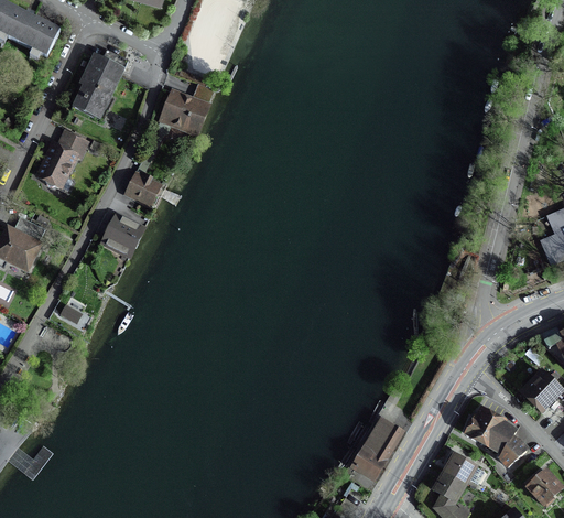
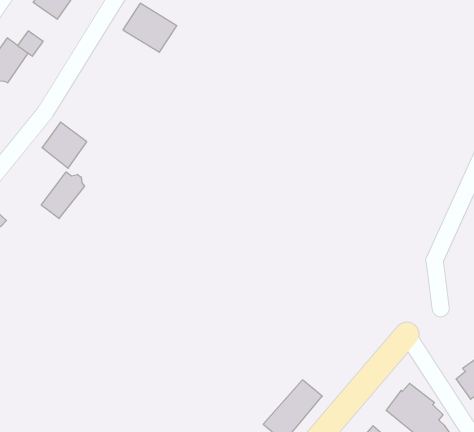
building: [126,174,160,206] -> none
building: none -> [41,172,84,219]

